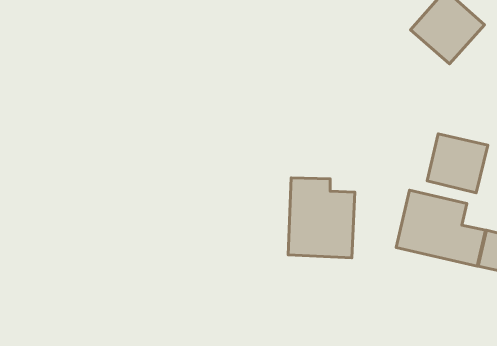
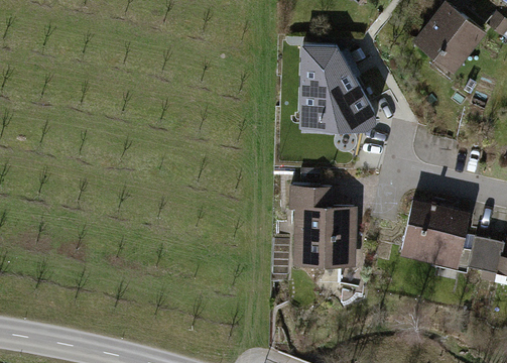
building: none -> [298,39,376,123]
building: [427,134,488,193] -> none

